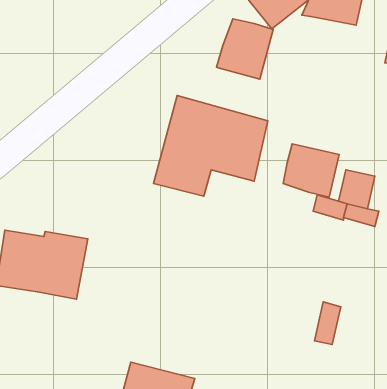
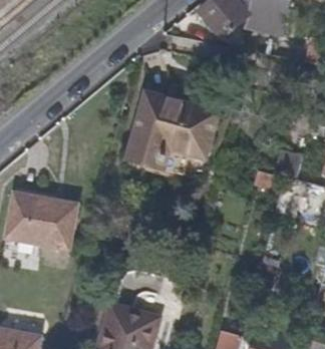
building: [217,19,273,79] -> none
building: [283,144,339,197] -> none

